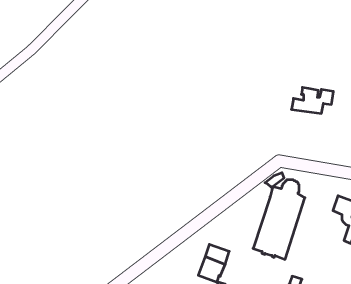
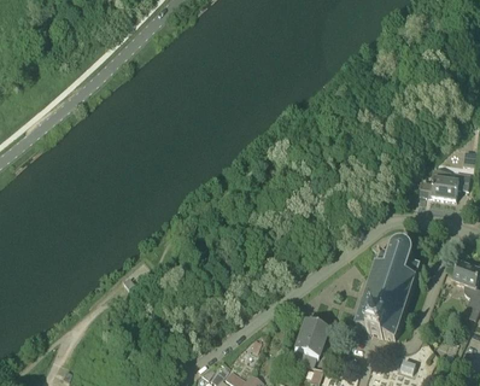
building: [291,87,333,113] -> [420,169,470,200]

